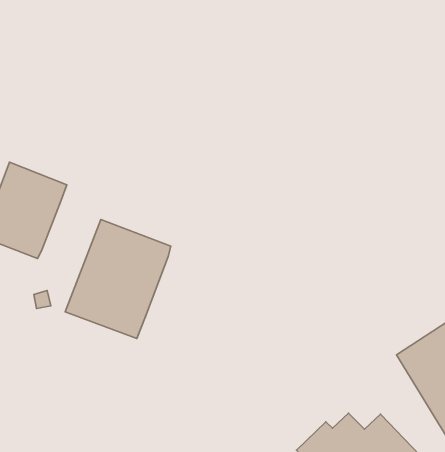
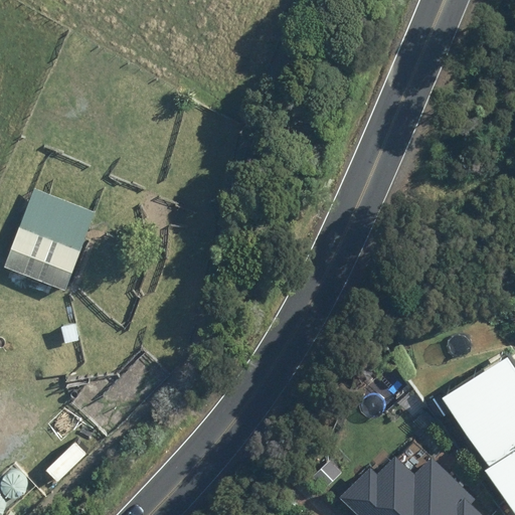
building: [65,219,171,338] -> none

